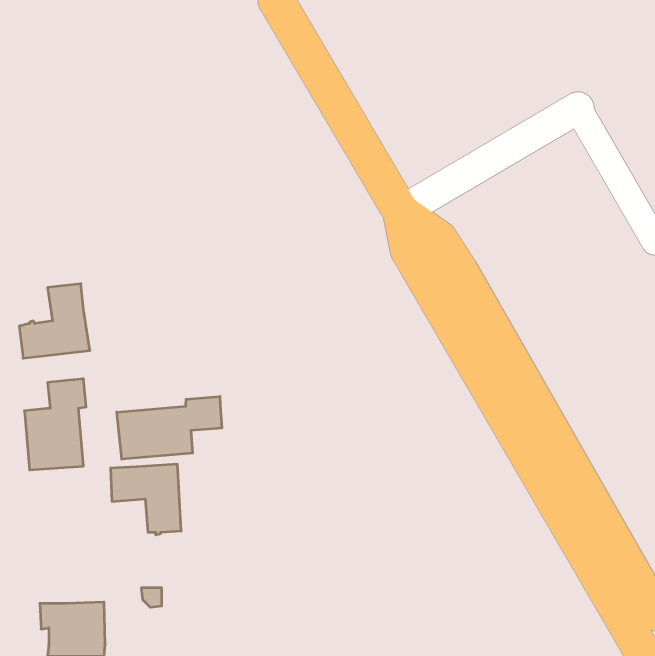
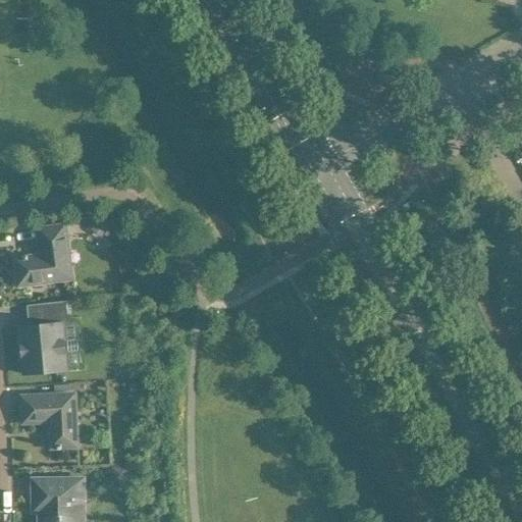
building: [117,396,222,459] -> none
building: [111,464,181,535] -> [21,394,77,450]

